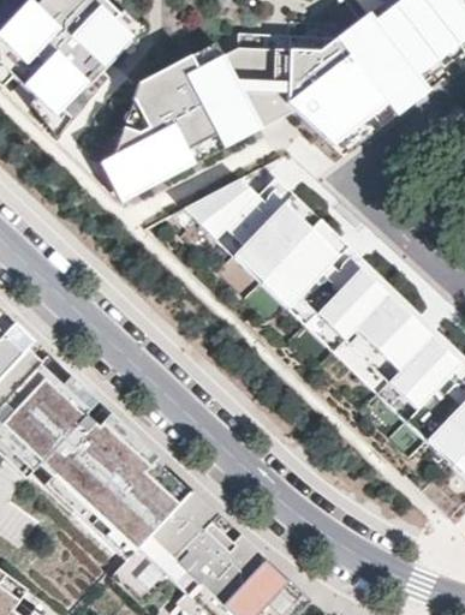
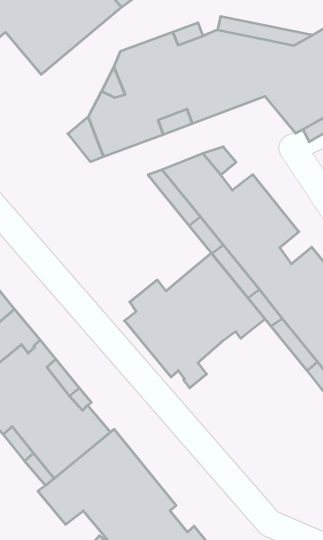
building: none -> [124,253,265,388]

